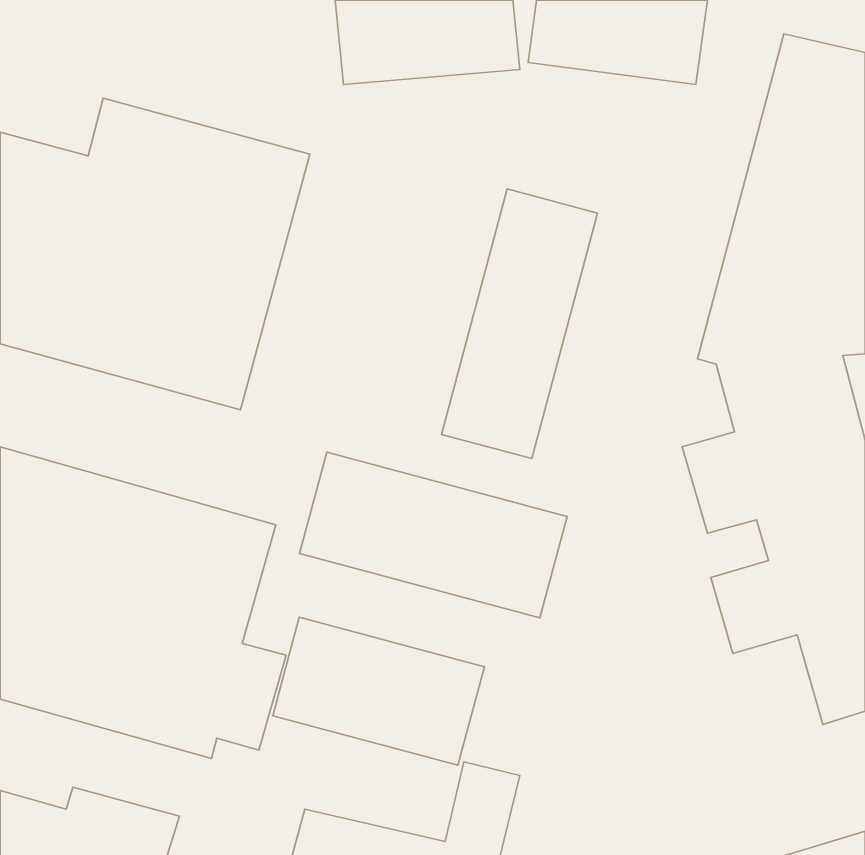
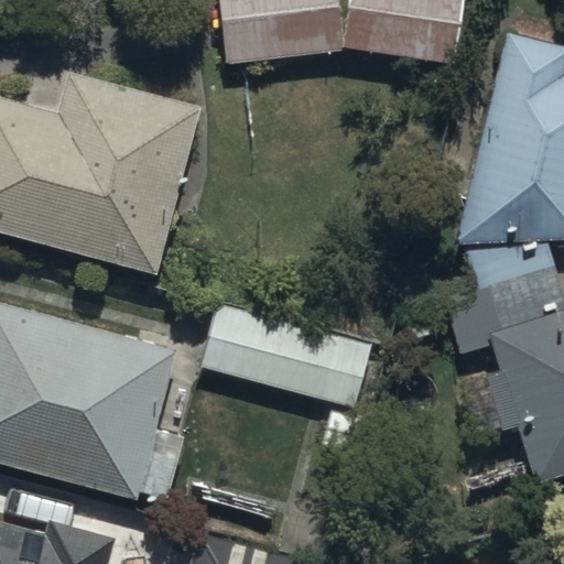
building: [442,189,598,459] -> none
building: [273,617,484,765] -> none

